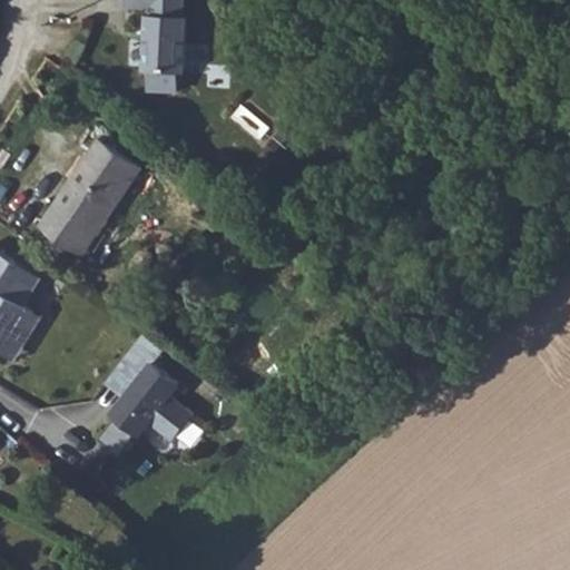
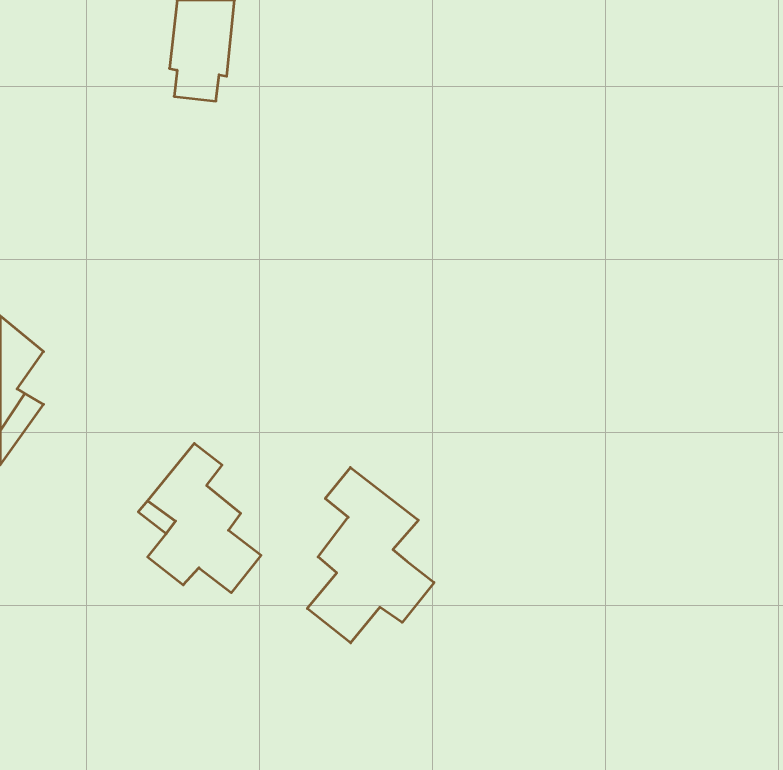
building: [41,131,142,250] -> none
building: none -> [307,467,434,643]

